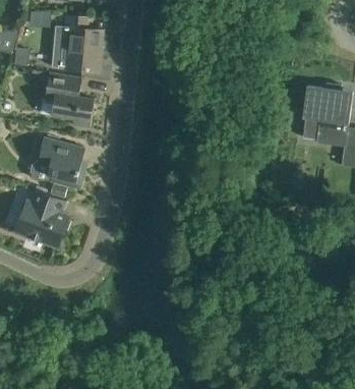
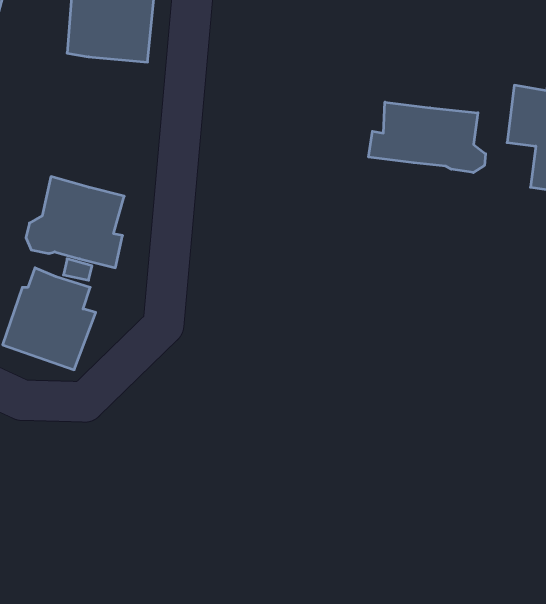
building: [44,71,94,126] -> none
building: none -> [369,102,486,173]

